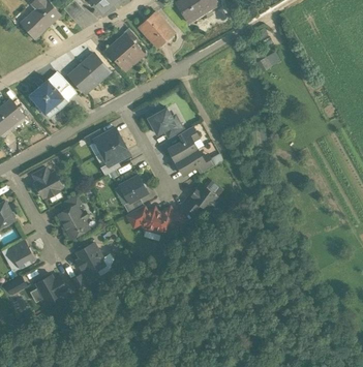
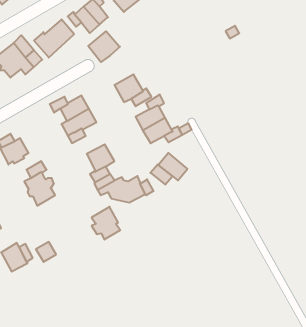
building: none -> [88,31,120,62]
building: [77,241,104,273] -> [92,207,120,240]

